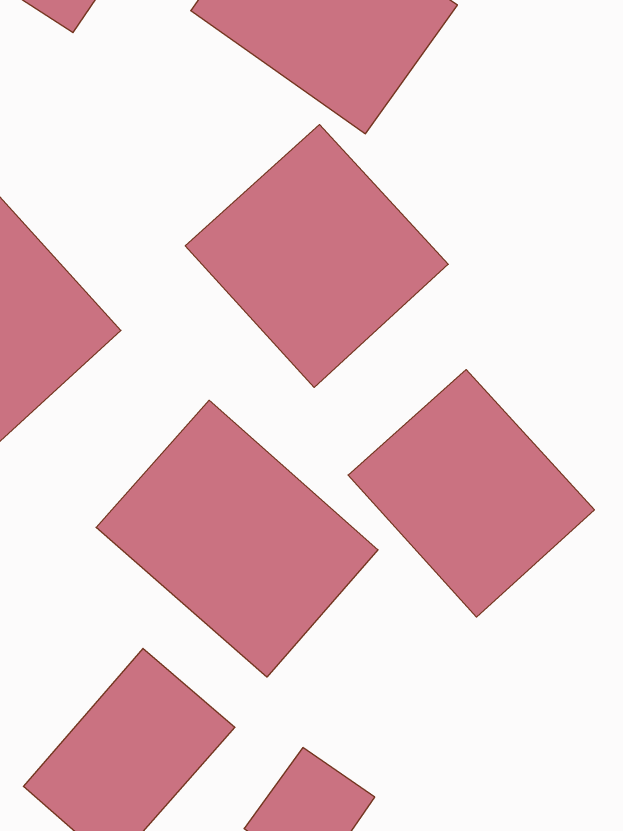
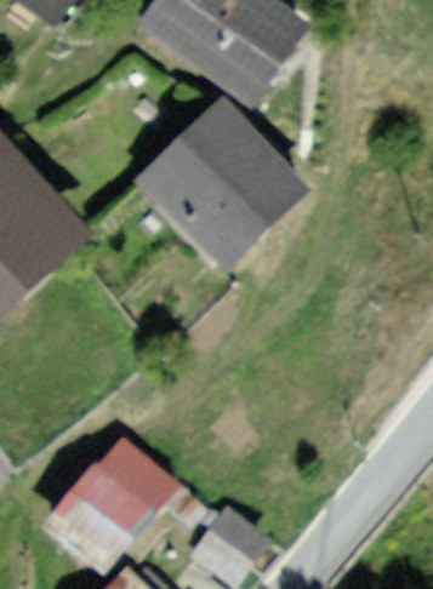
building: [348,370,594,617] -> none
building: [96,400,378,677] -> none

